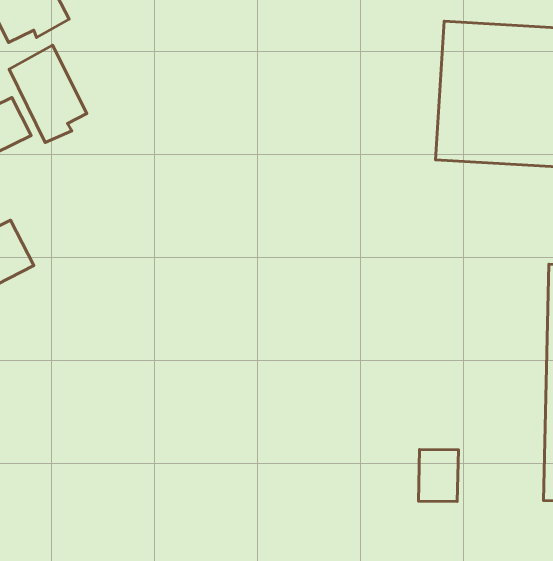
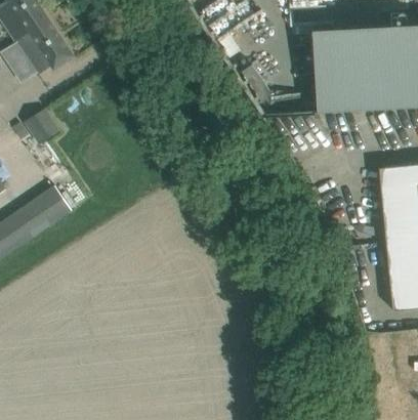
building: [9,45,87,143] -> none
building: [418,450,458,502] -> none

